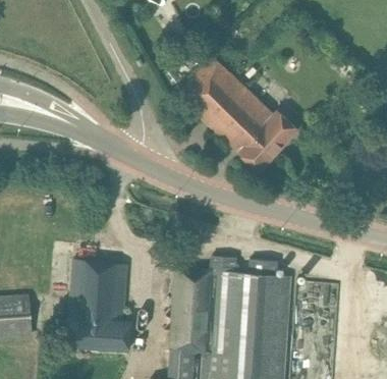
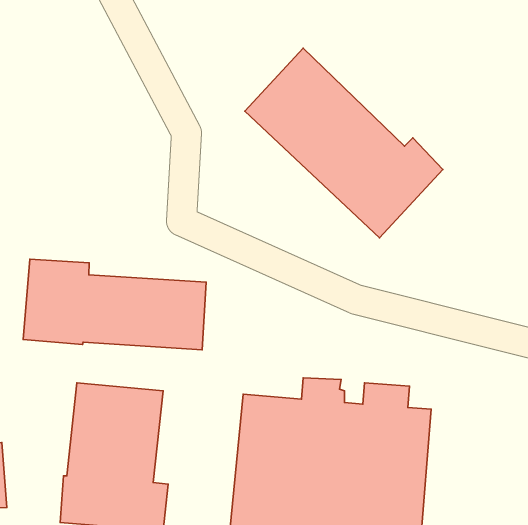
building: none -> [23,259,206,350]

